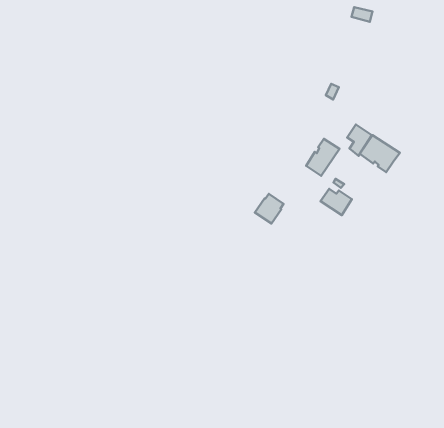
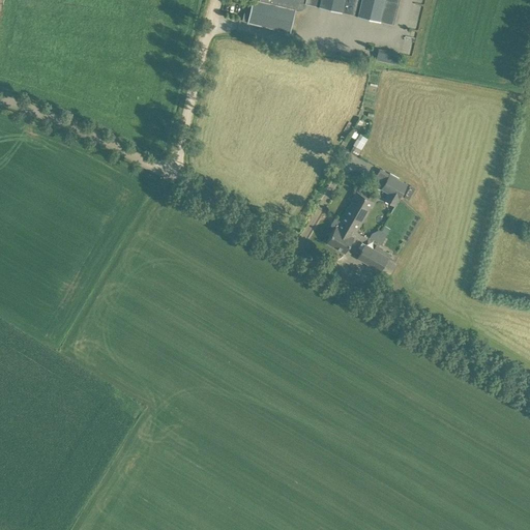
building: [360,135,400,172] -> none
building: [255,194,284,223] -> [326,220,356,252]

